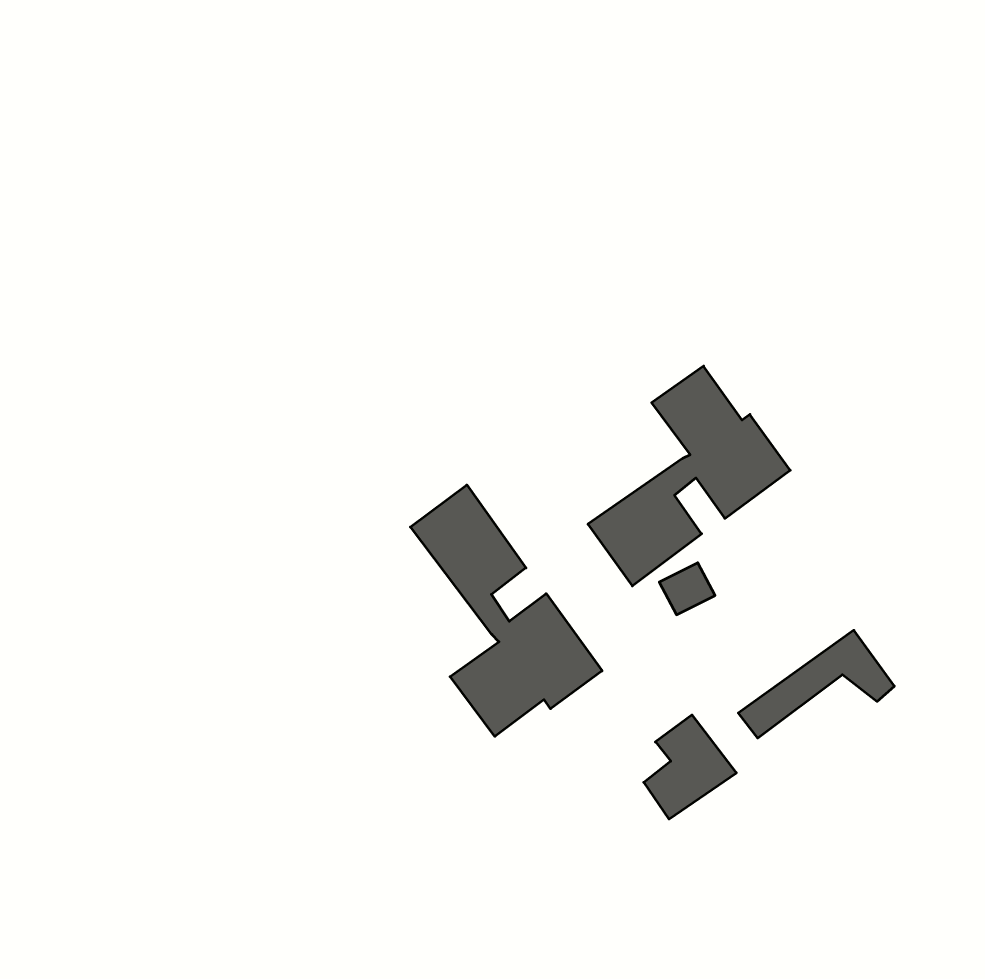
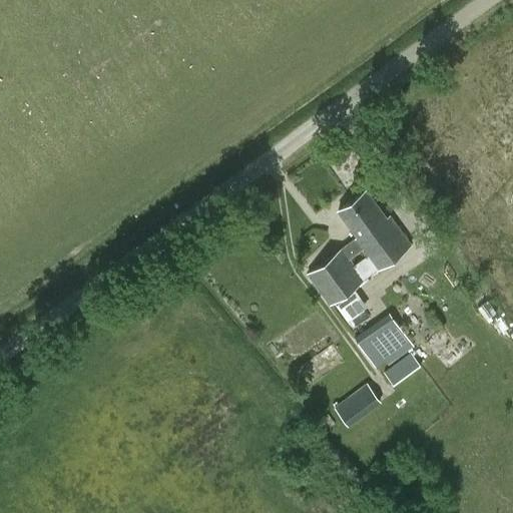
building: [410,485,602,736] -> none
building: none -> [355,314,412,370]

